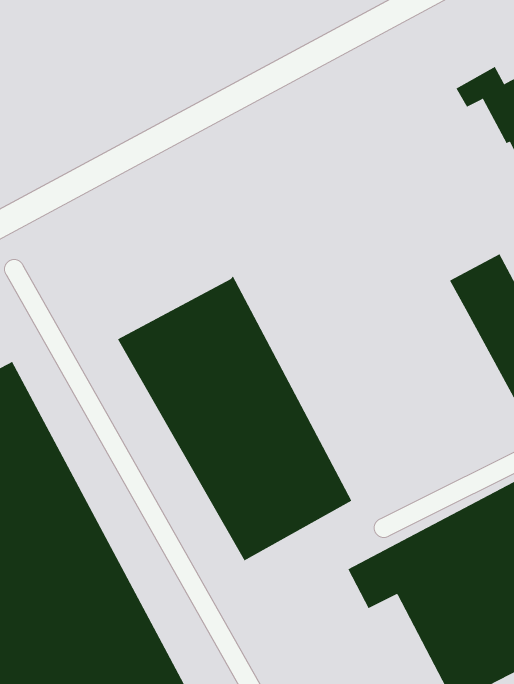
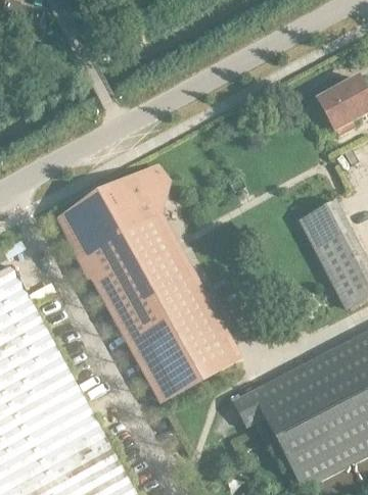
building: none -> [68,168,169,256]

